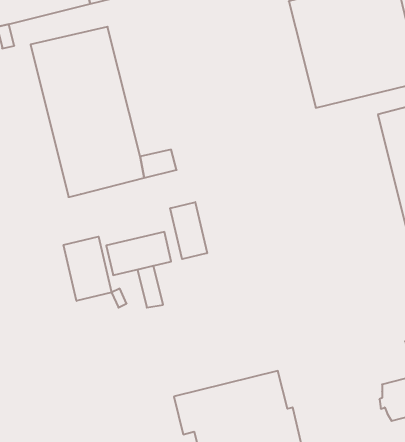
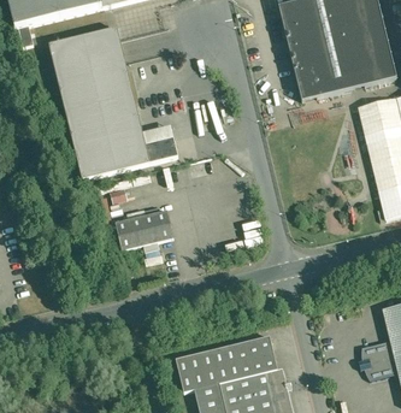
building: [170,202,207,259] -> none
building: [64,237,112,301] -> none

